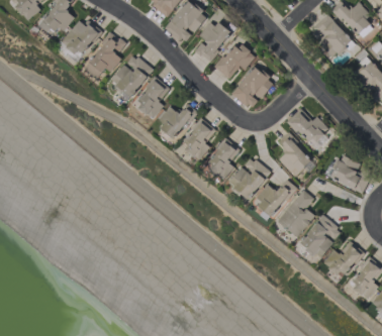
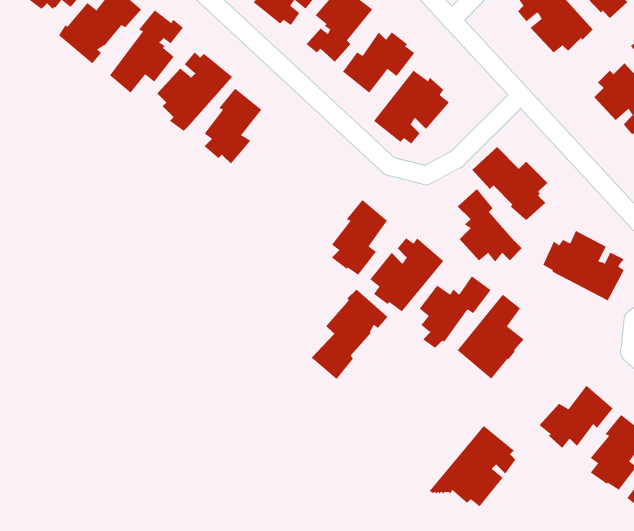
building: [159,104,198,139] -> none
building: [184,117,216,159] -> none
building: none -> [311,289,388,380]
building: [292,213,341,258] -> [429,425,516,507]

